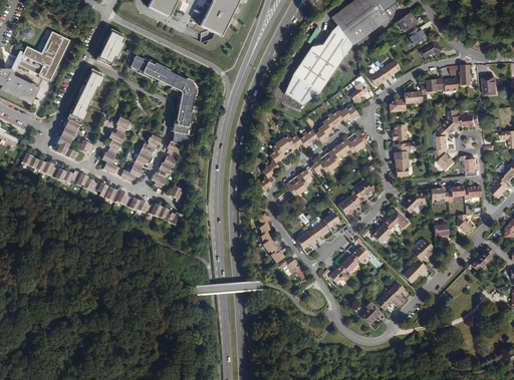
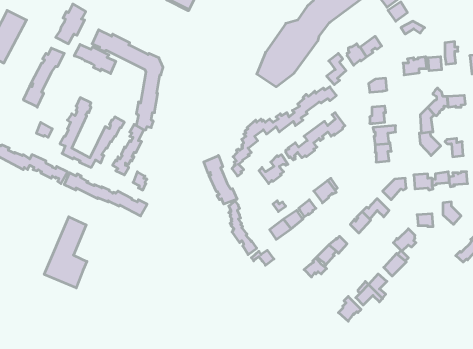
building: none -> [74,44,116,74]
building: [53,118,78,158] -> none
building: none -> [204,155,237,204]
building: none -> [44,217,87,288]

